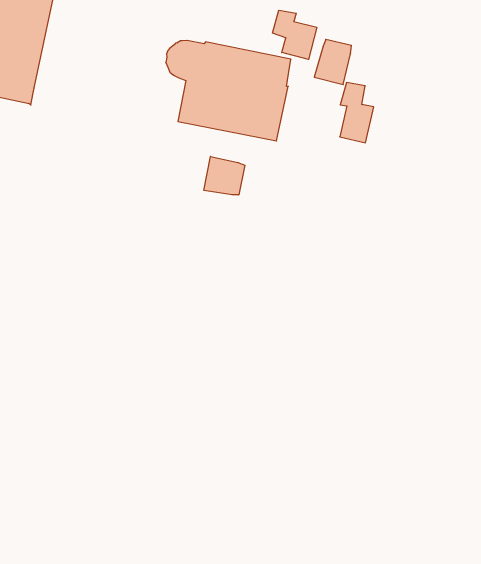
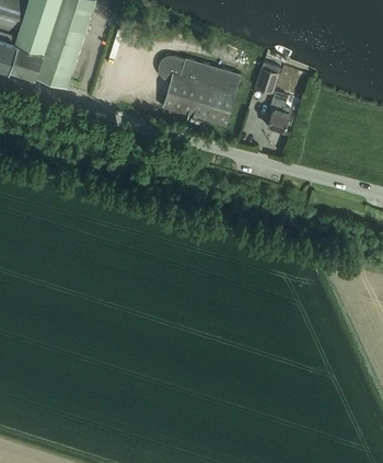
building: [272,10,317,59] -> none
building: [204,156,245,195] -> none

